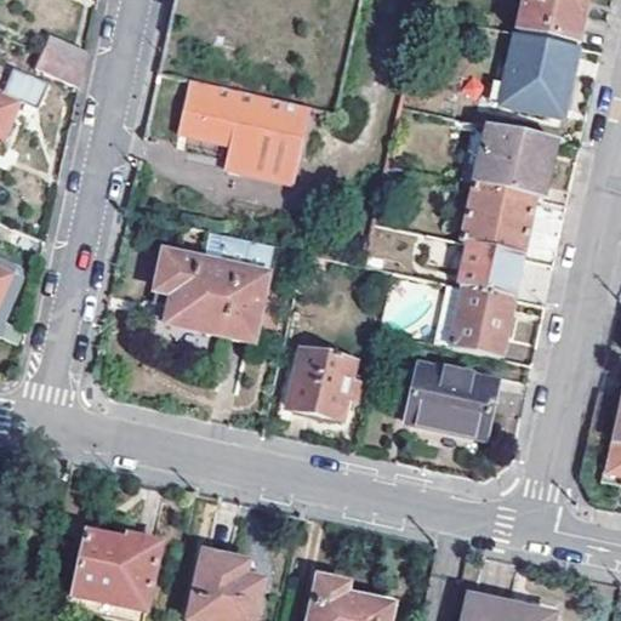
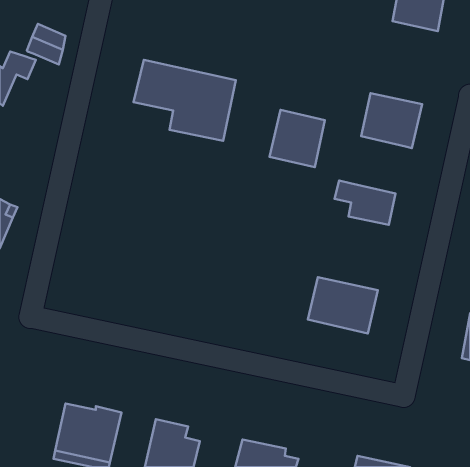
building: [500,28,576,113] -> none
building: [461,180,534,255] -> [270,110,325,167]
building: [156,234,273,340] -> none
building: [409,284,512,358] -> none
building: [287,344,360,414] -> none

